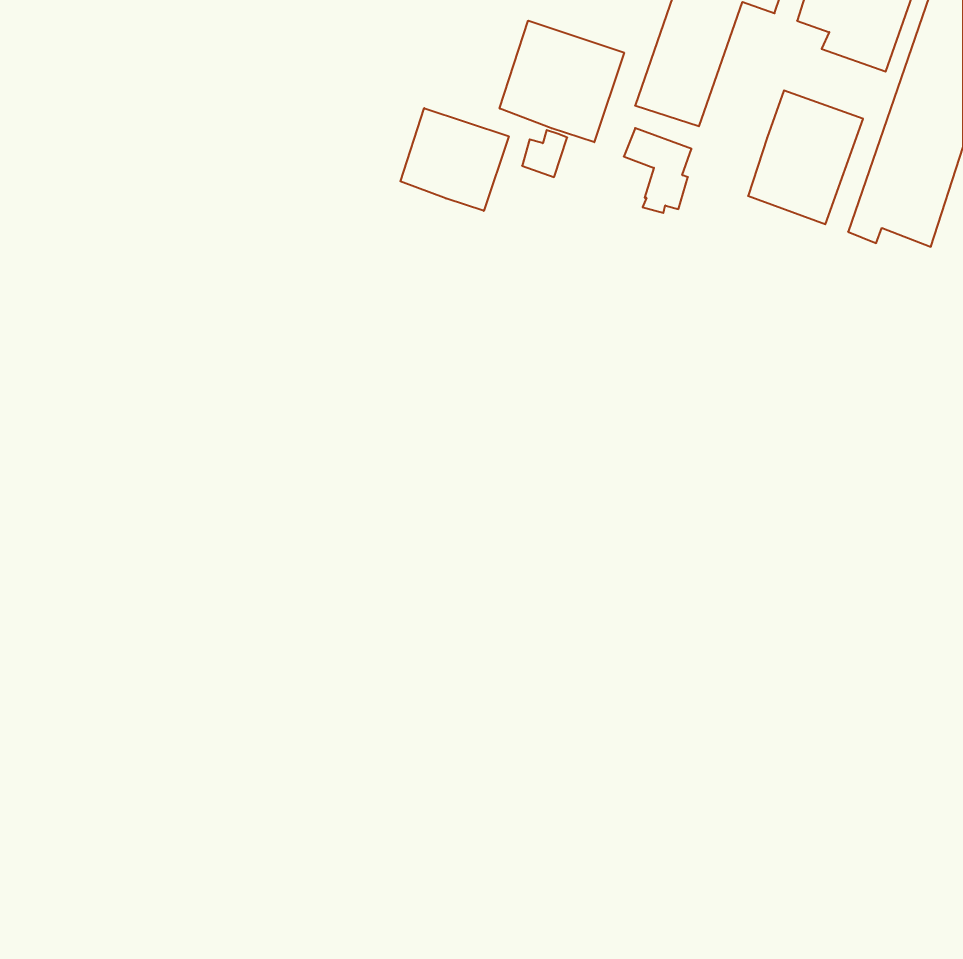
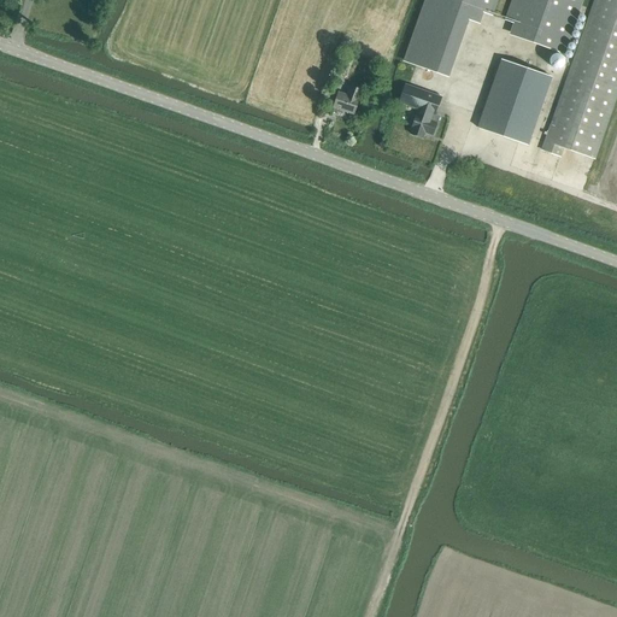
building: [500,21,624,142] -> none
building: [400,108,509,211] -> none

